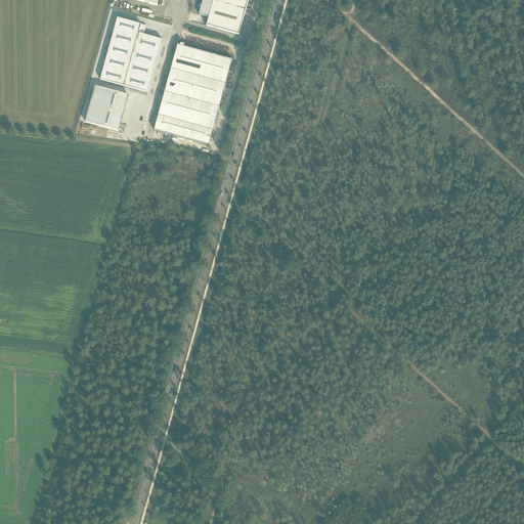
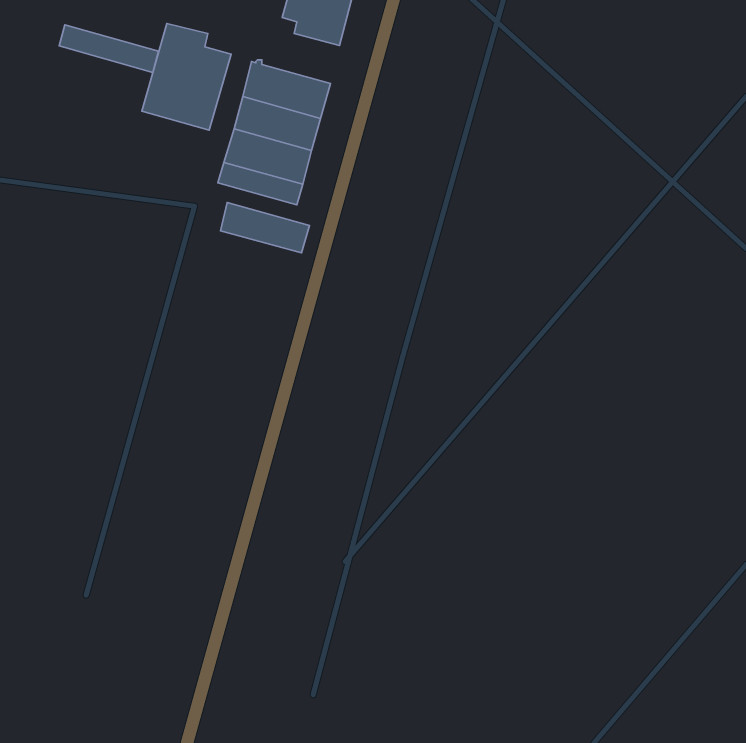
building: none -> [59,25,159,72]
building: [85,85,127,129] -> none
building: none -> [220,203,310,253]

